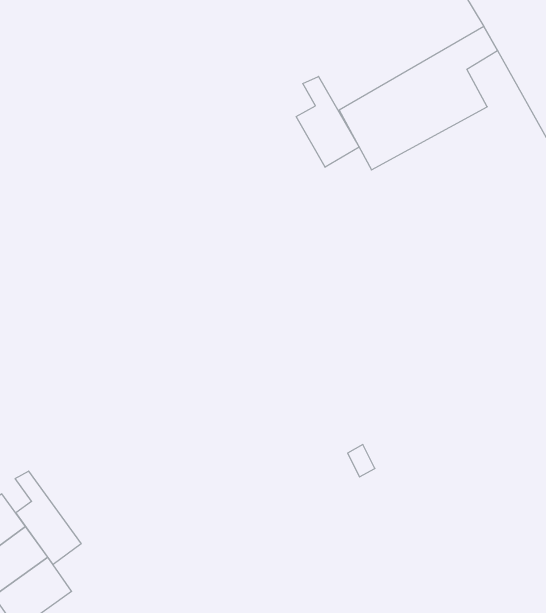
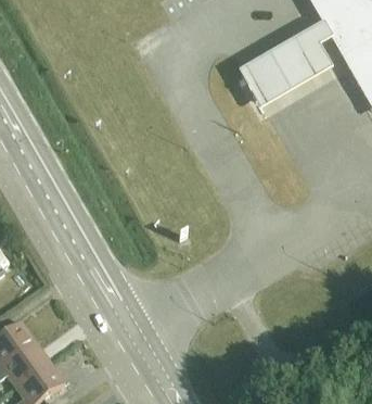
building: [296,76,359,167] -> none
building: [15,471,81,565] -> none

